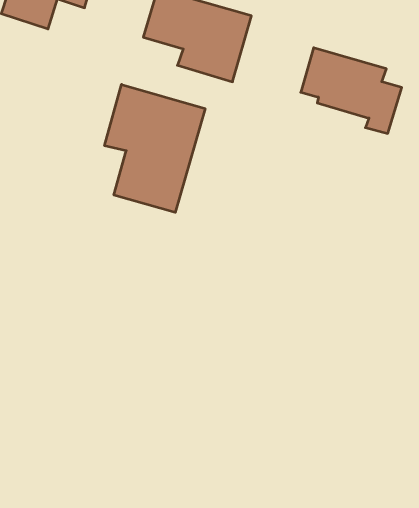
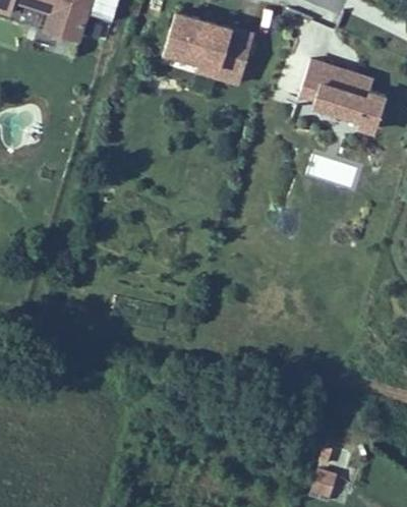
building: [105,84,205,212] -> none

